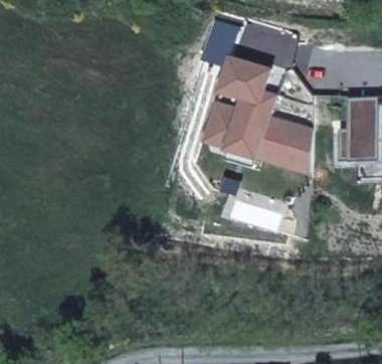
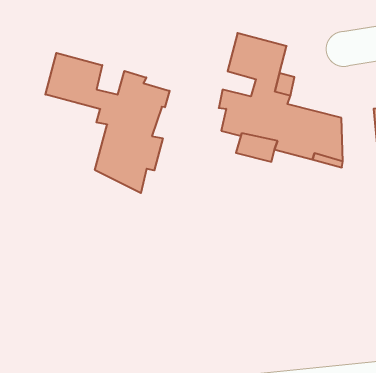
building: none -> [45,53,170,193]

